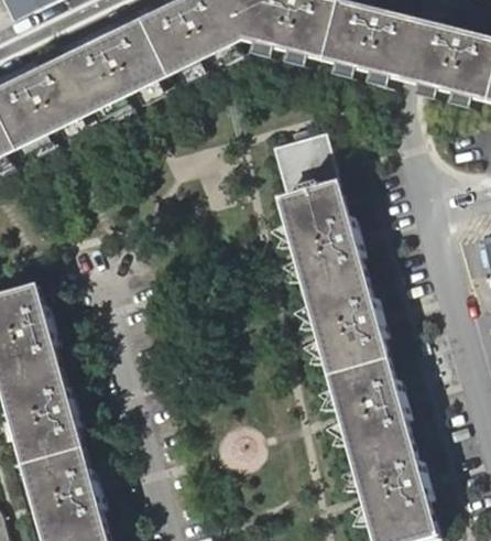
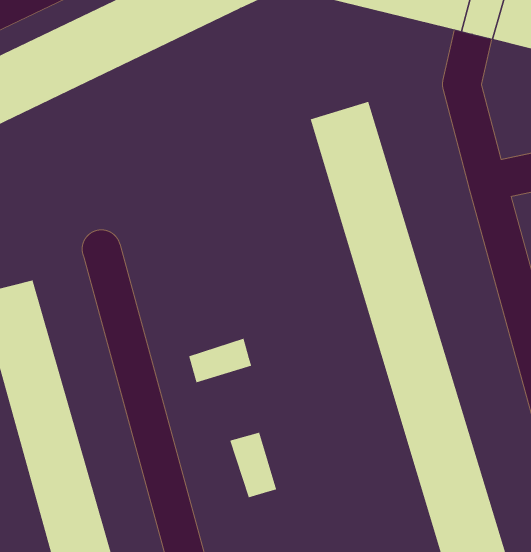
building: none -> [188,338,252,383]
building: none -> [230,432,277,498]

